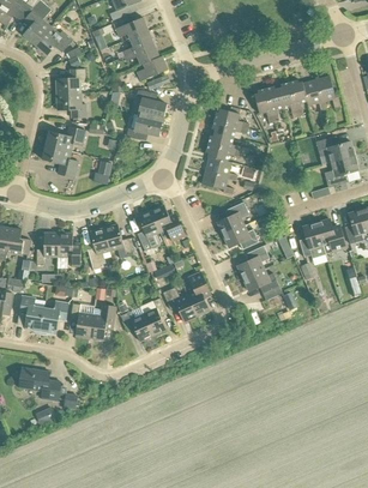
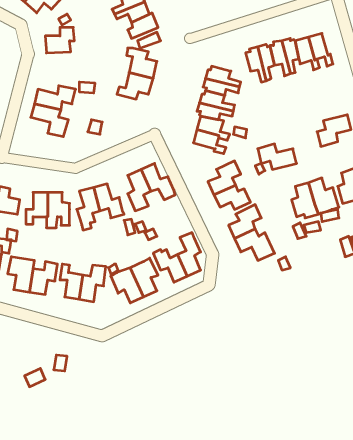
building: [56,94,85,118] -> none
building: [315,137,354,162] -> [258,144,297,169]
building: [17,367,60,402] -> none

